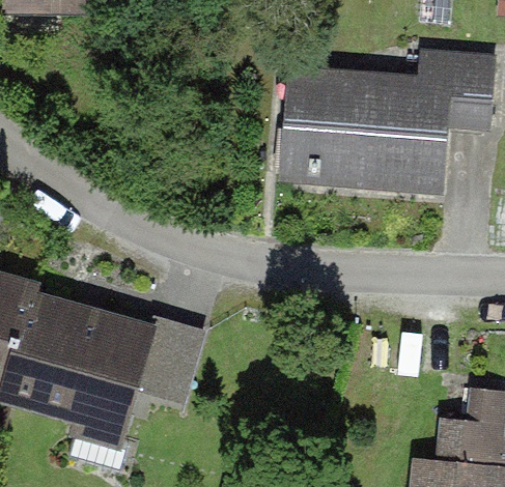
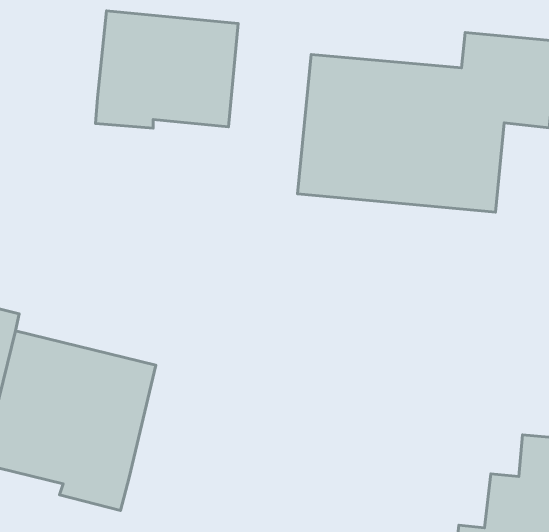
building: none -> [96,11,238,128]
building: [134,318,206,431] -> none

